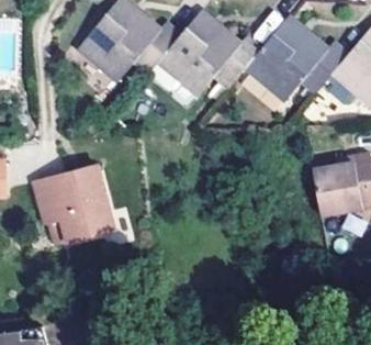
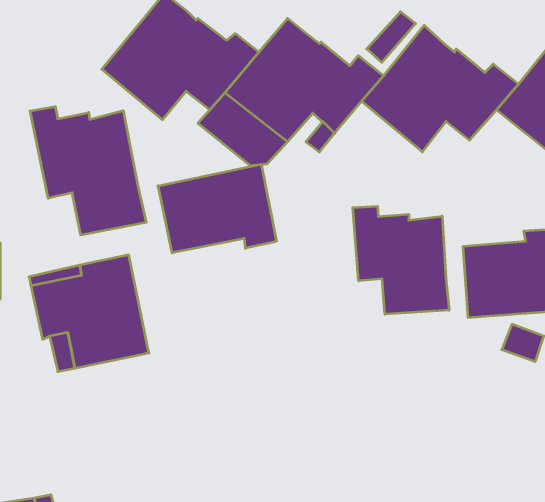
building: none -> [30,107,146,235]
building: none -> [158,164,276,253]
building: none -> [353,206,449,314]

